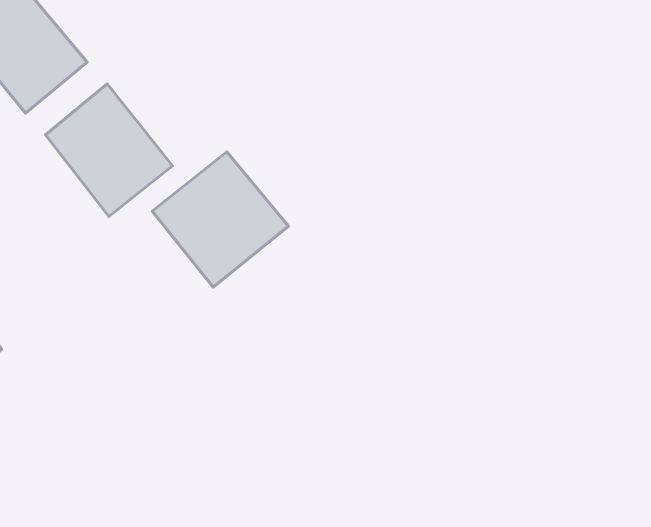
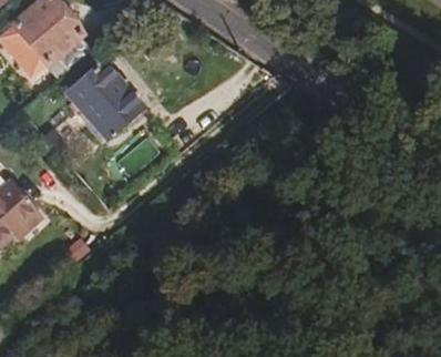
building: [152,152,288,287] -> none

